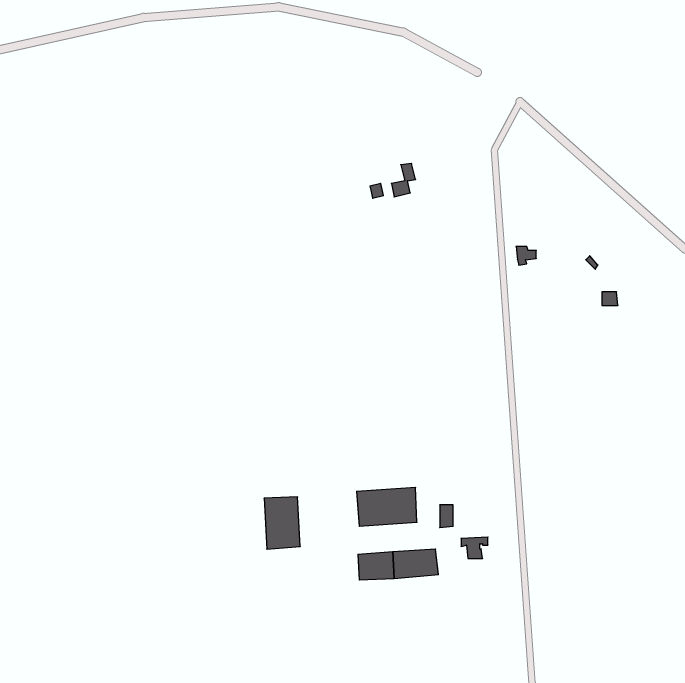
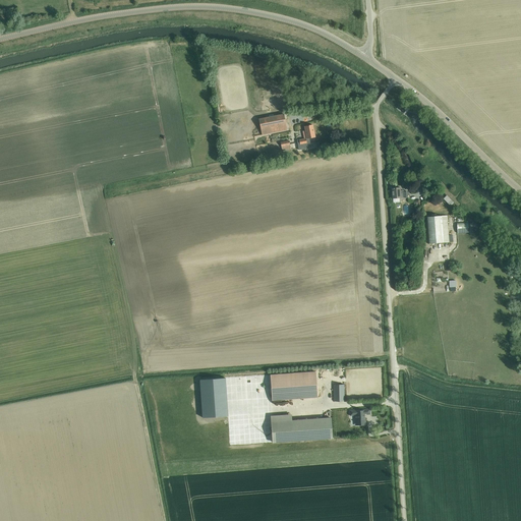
building: none -> [253,113,287,135]
building: none -> [426,215,449,242]

